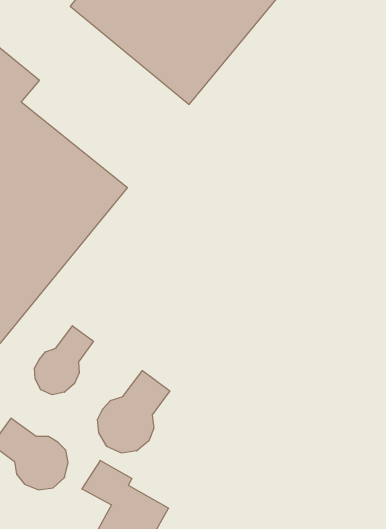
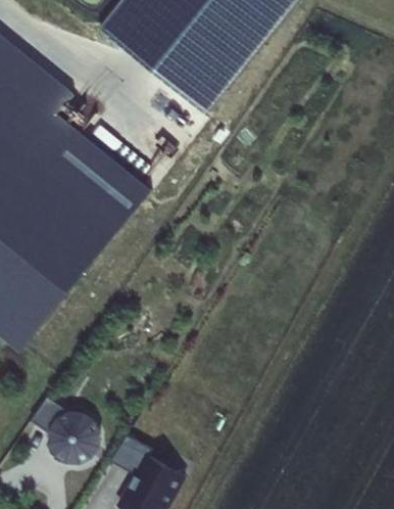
building: [34,326,93,395] -> none
building: [97,371,170,453] -> none

